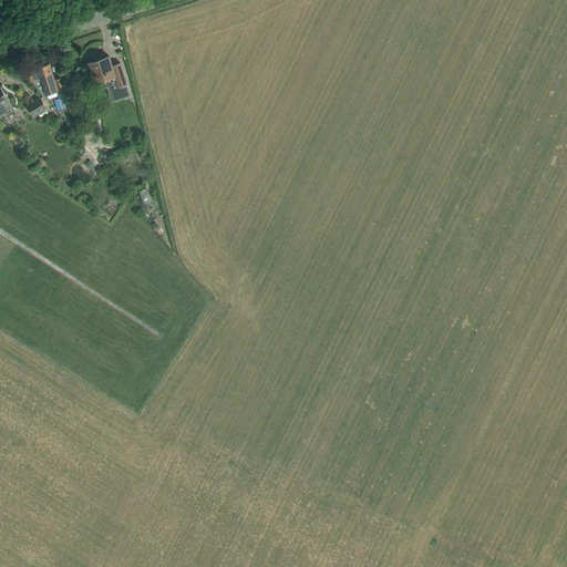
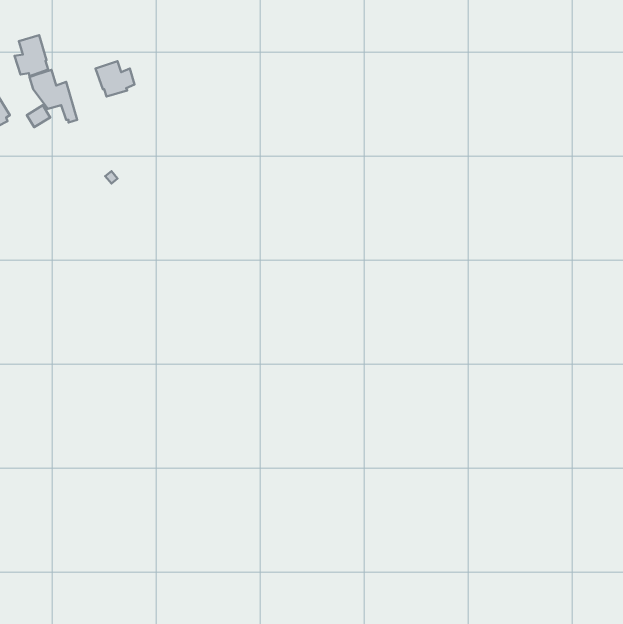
building: none -> [15,35,48,76]

